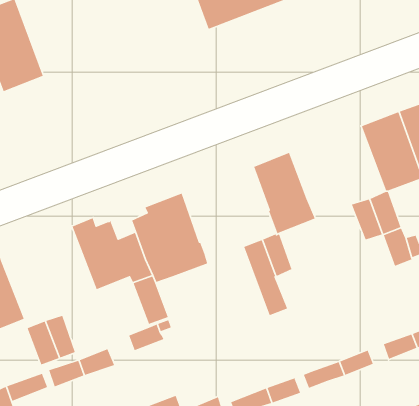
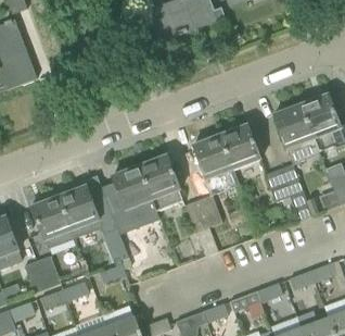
building: none -> [219,124,260,169]
building: none -> [139,154,183,210]
building: none -> [30,189,75,248]

